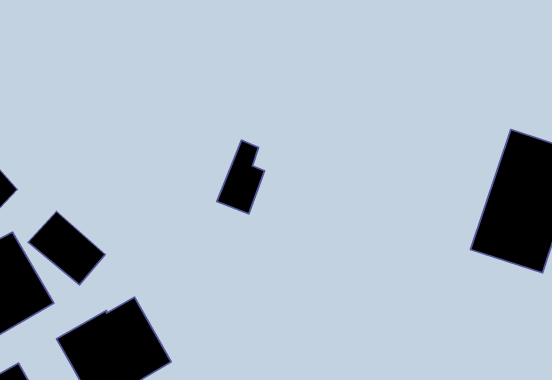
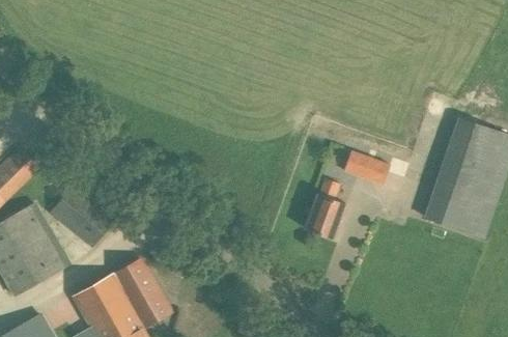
building: [217,140,265,214] -> [304,177,344,240]
building: none -> [343,151,388,184]

